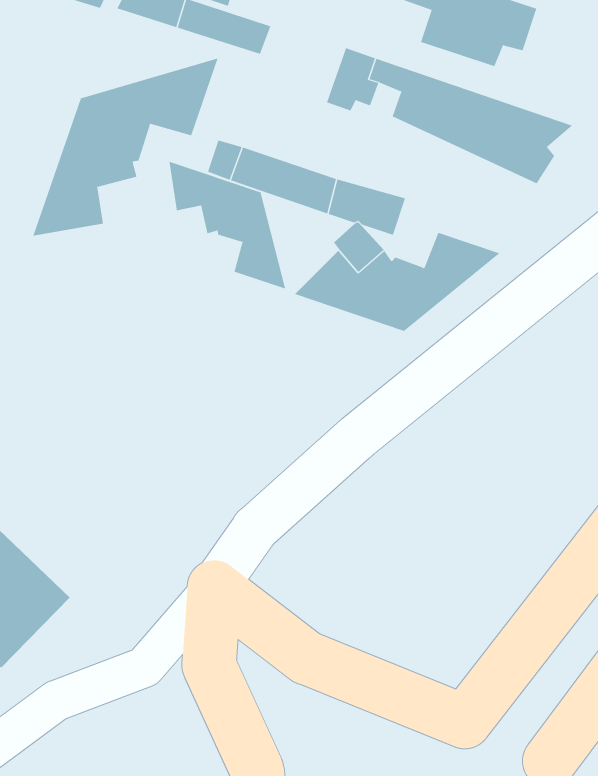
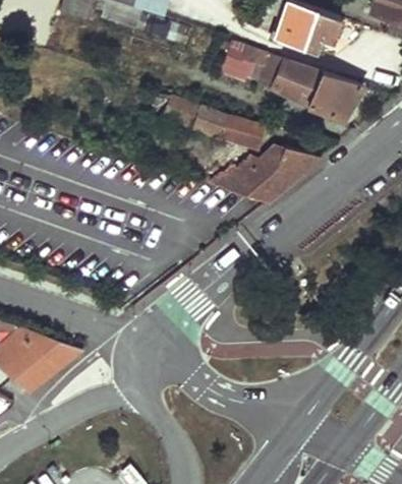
building: [33,58,218,237] -> none
building: [169,161,286,290] -> none

